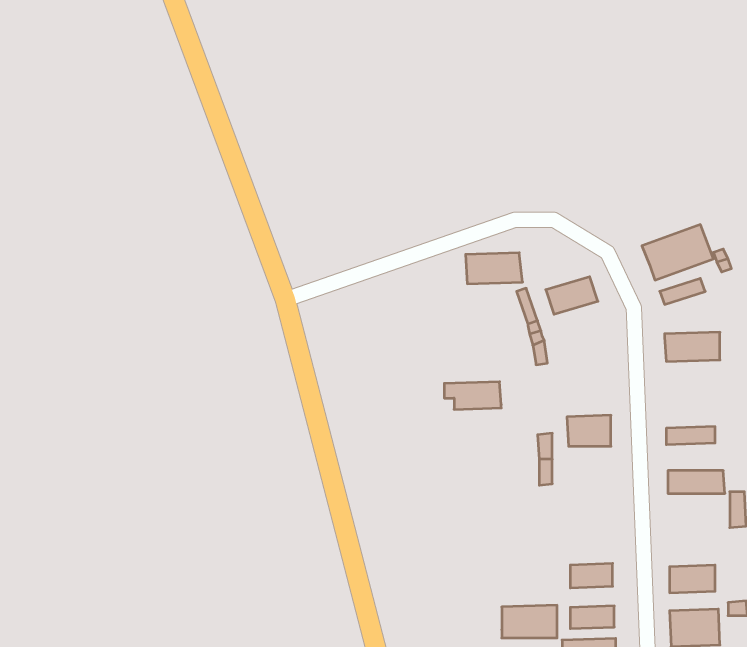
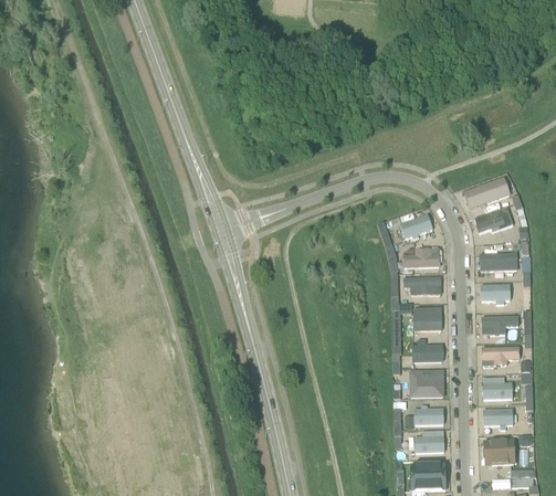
building: [466,253,523,284] -> [402,245,441,266]
building: none -> [479,283,511,302]
building: [444,382,501,409] -> [403,276,442,295]
building: none -> [411,342,442,362]
building: none -> [482,382,514,401]
building: [502,605,557,638] -> [408,376,445,398]

